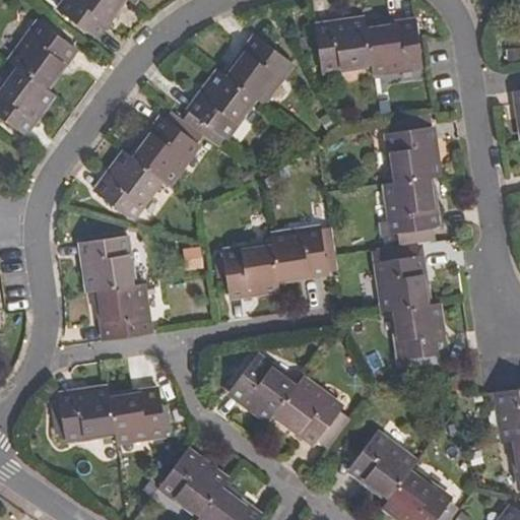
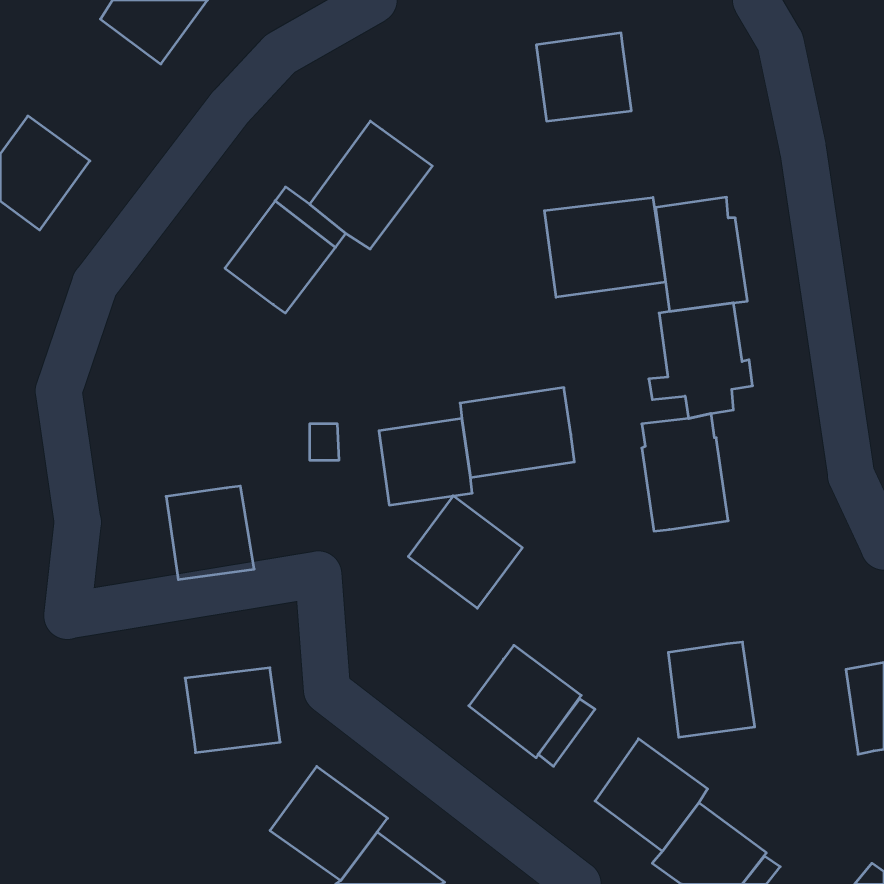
building: [366,20,421,73] -> none
building: [9,21,74,89] -> none
building: [224,37,290,103] -> none
building: none -> [544,197,666,297]
building: [95,152,160,219] -> none
building: [81,236,133,294] -> none
building: [393,305,444,361] -> [668,642,755,737]
building: [229,356,296,422] -> [408,496,522,608]
building: [59,389,114,441] -> none

